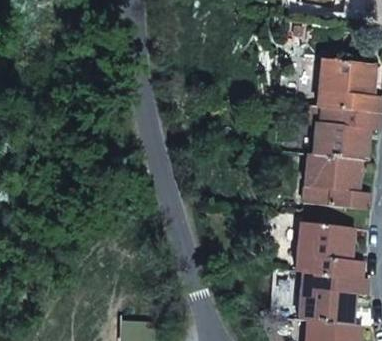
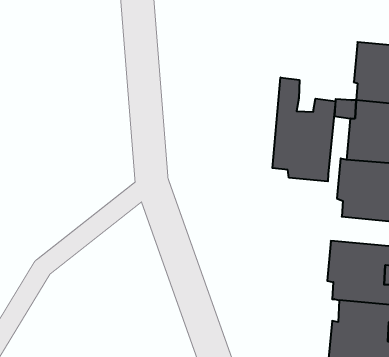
building: none -> [272,77,335,181]

